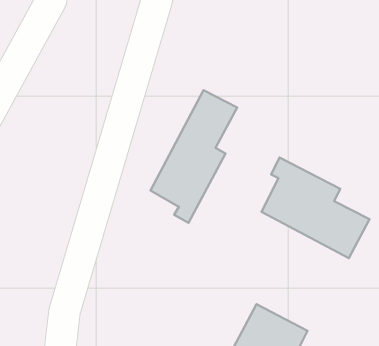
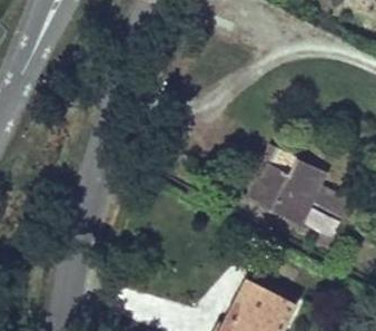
building: [150,90,237,223] -> none

